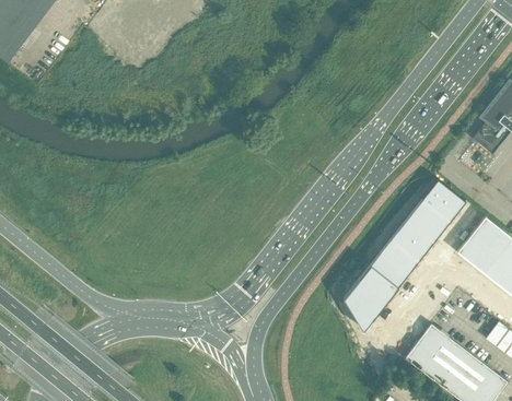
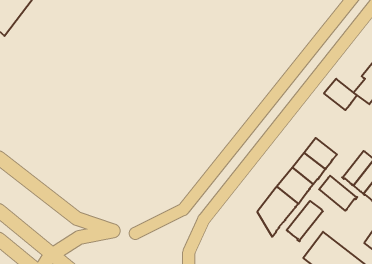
building: [421,179,465,221] -> [324,79,357,110]
building: none -> [319,176,357,211]
building: none -> [287,201,323,241]

